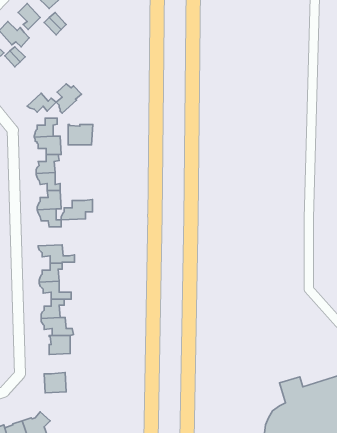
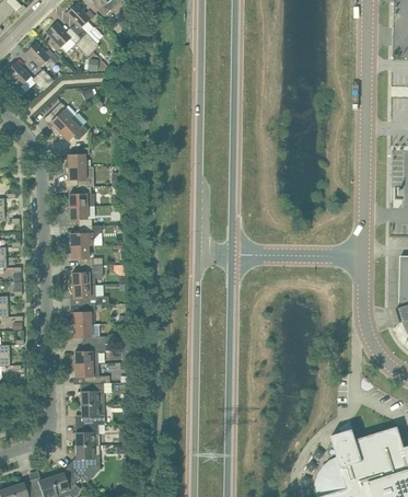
building: [56,84,81,113] -> [49,103,77,135]
building: [68,124,93,145] -> none
building: [61,200,92,220] -> [68,265,102,287]
building: none -> [80,404,104,426]
building: none -> [70,446,98,477]

